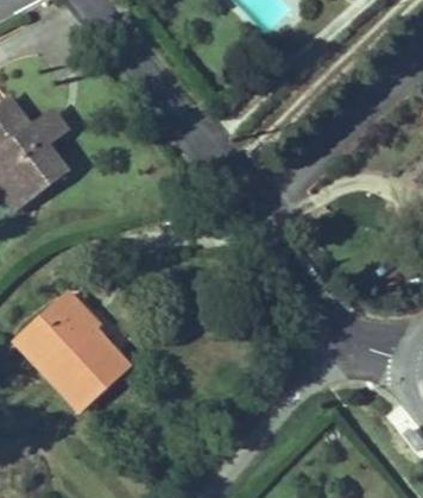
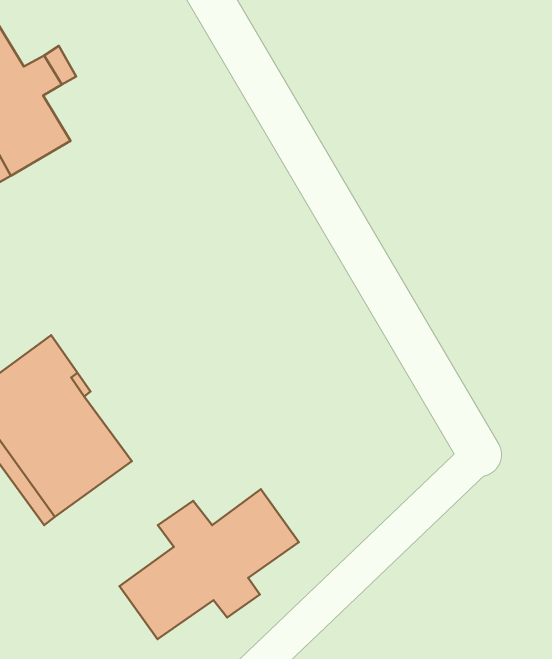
building: none -> [120,489,299,639]

